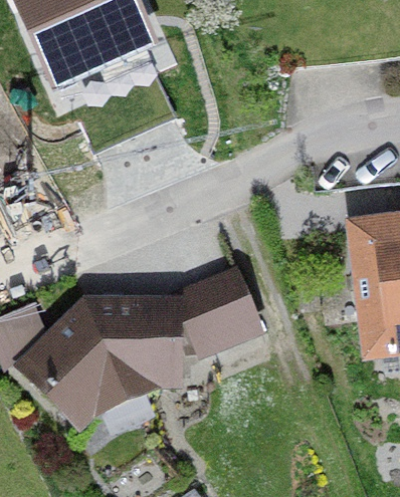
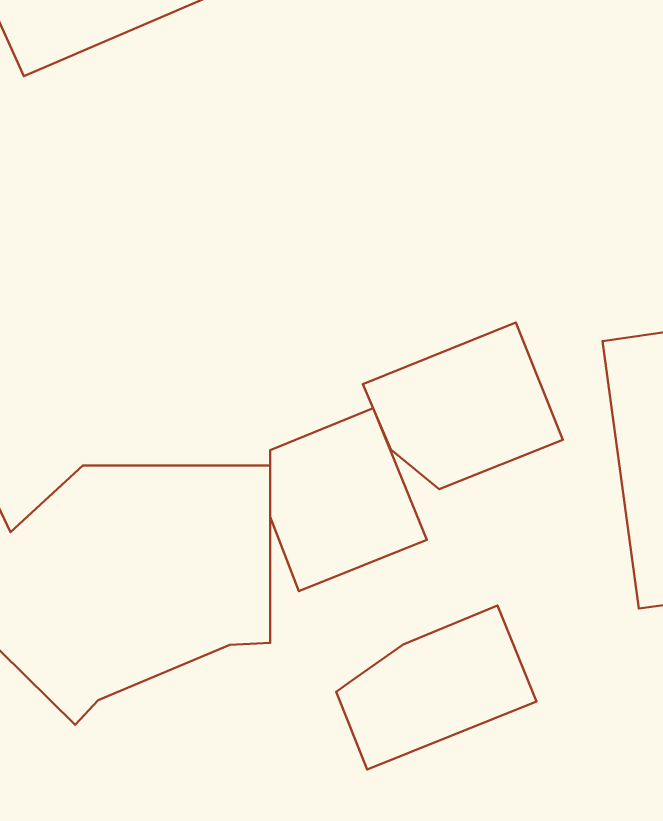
building: none -> [363,323,563,489]
building: none -> [336,605,536,769]

